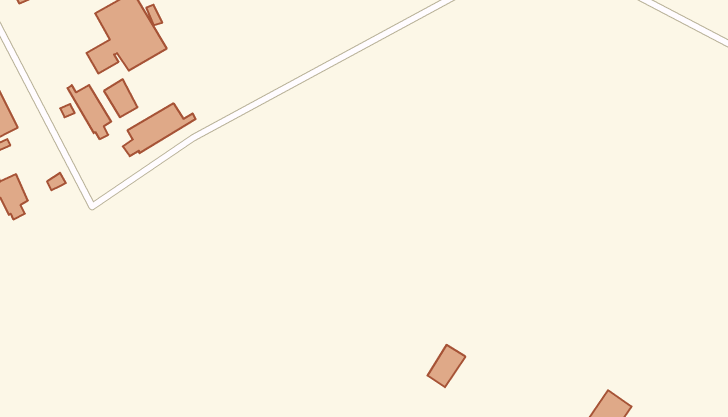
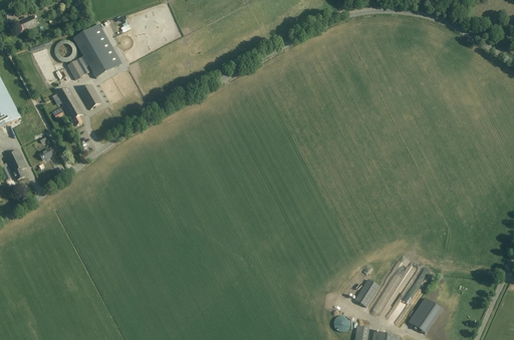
building: [123,103,196,156] -> none
building: [427,345,465,387] -> [353,278,379,307]

